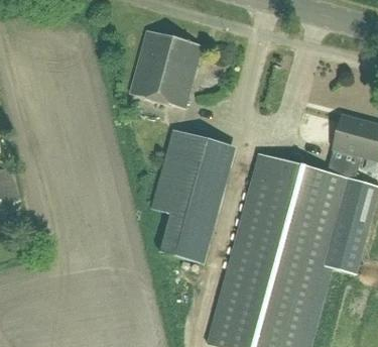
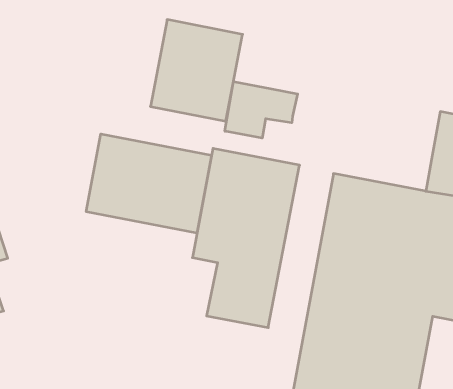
building: none -> [225,82,298,138]
building: none -> [86,134,212,233]

